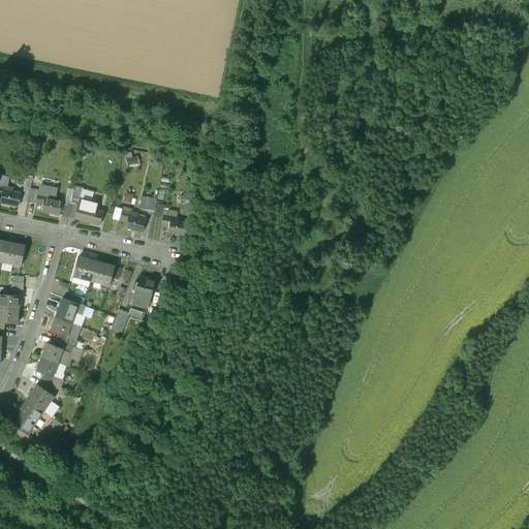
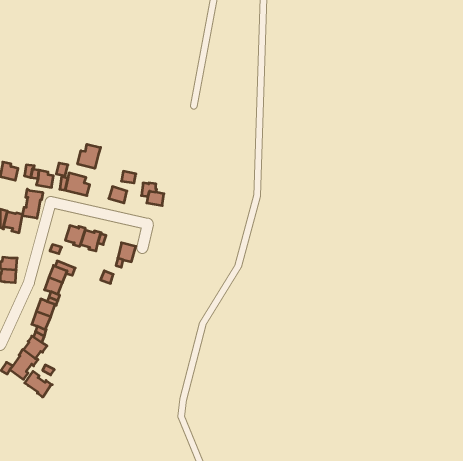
building: none -> [78,144,101,168]
building: none -> [22,189,43,218]
building: none -> [25,371,52,397]

